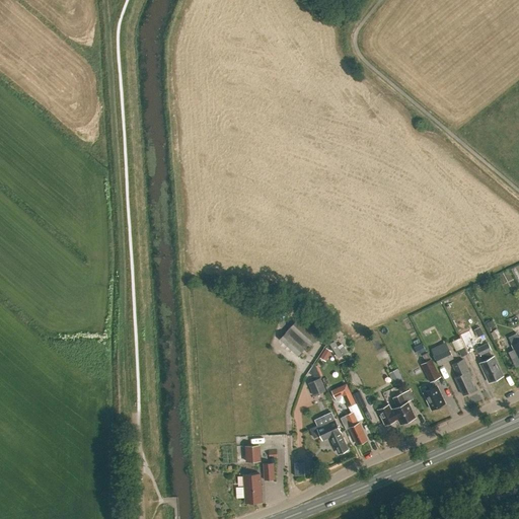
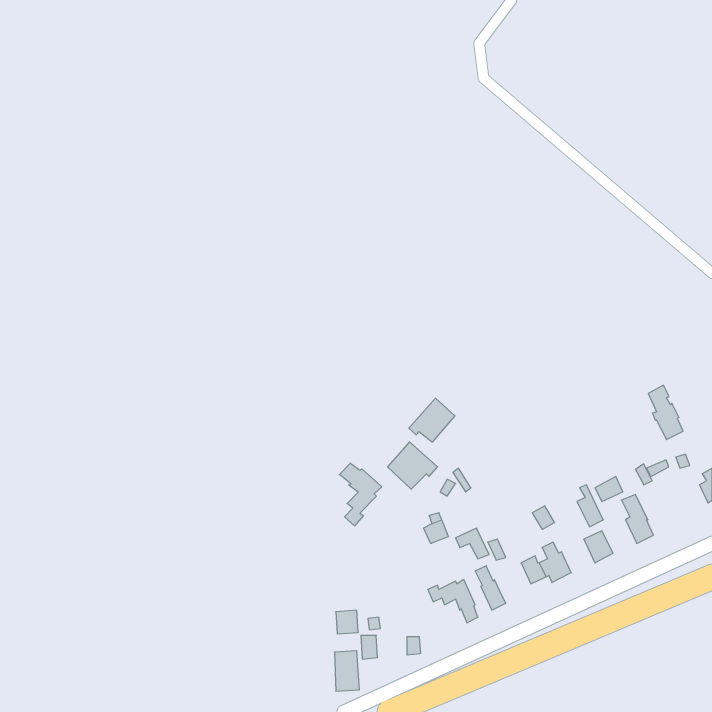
building: none -> [409,398,455,442]
building: none -> [339,463,382,526]
building: [476,343,502,382] -> [648,385,683,440]

